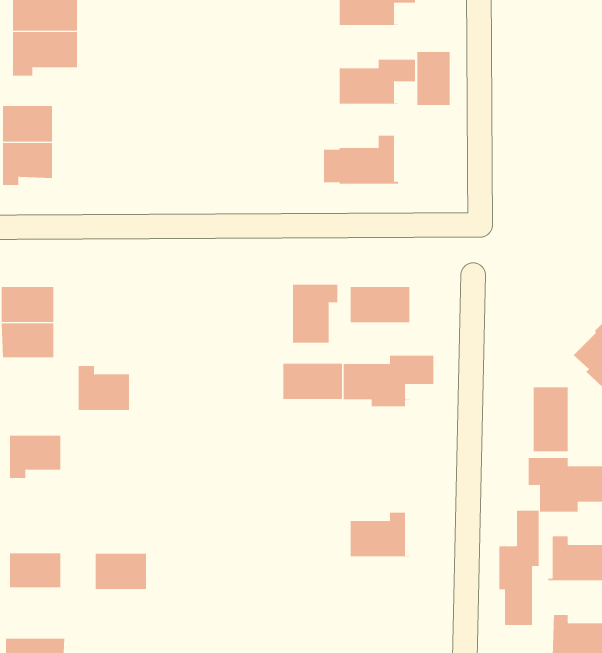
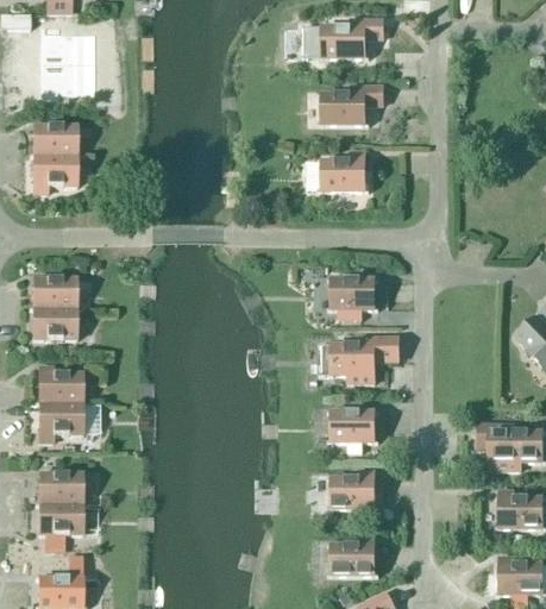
building: [417,51,450,106] -> none
building: [293,284,338,343] -> none
building: [283,363,343,399] -> [328,409,379,440]
building: [78,366,130,410] -> [39,365,83,403]
building: [533,387,568,452] -> none
building: [499,510,539,626] -> none
building: [95,553,147,589] -> [39,472,83,503]
building: none -> [332,535,376,573]

